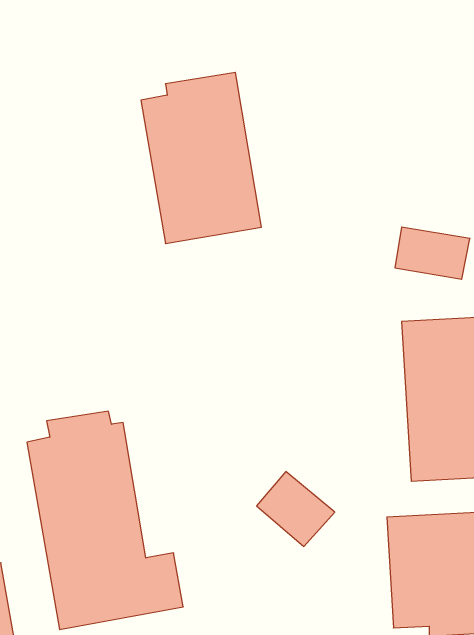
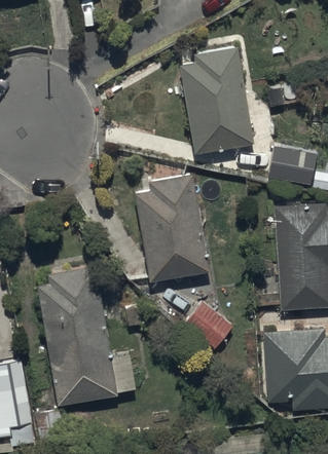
building: [141,72,261,244] -> [179,47,255,155]
building: none -> [135,174,208,282]

